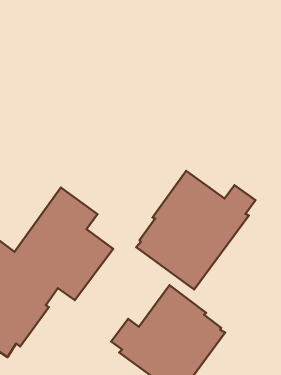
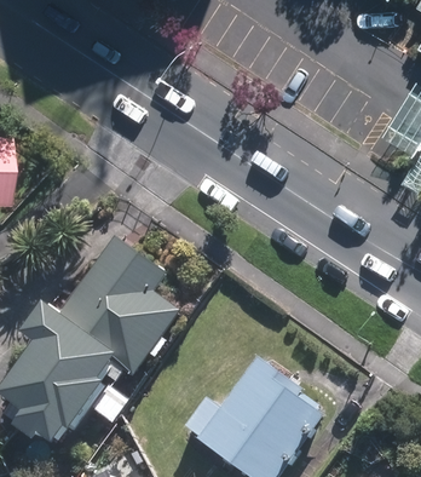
building: [136,171,255,290] -> none

